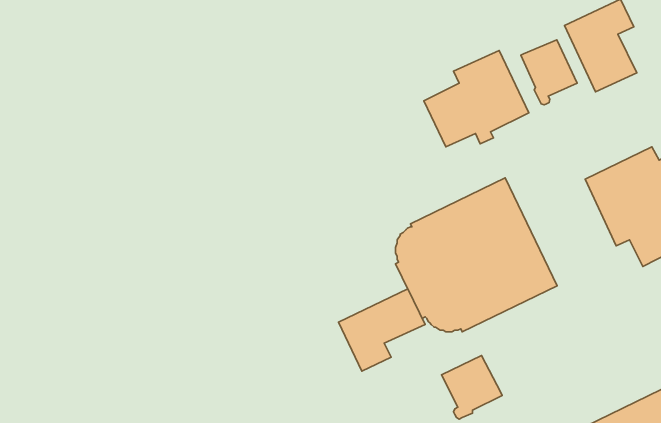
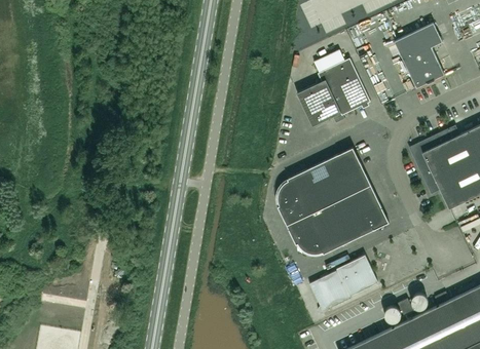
building: [521,40,577,105] -> none
building: [339,289,425,371] -> none
building: none -> [336,255,378,296]

